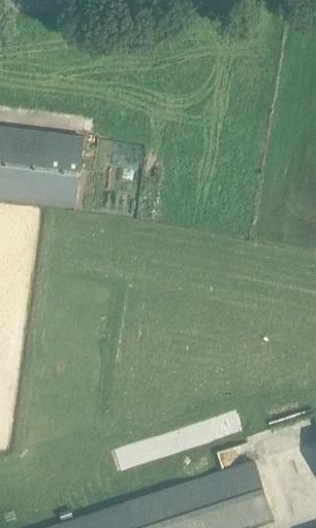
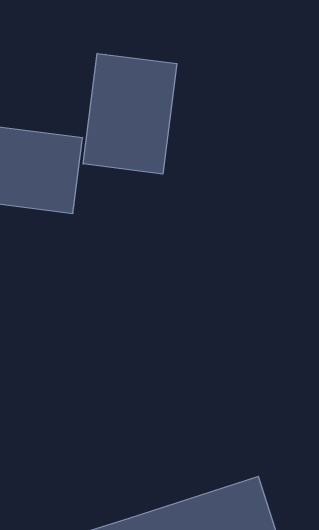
building: none -> [83,53,177,174]

